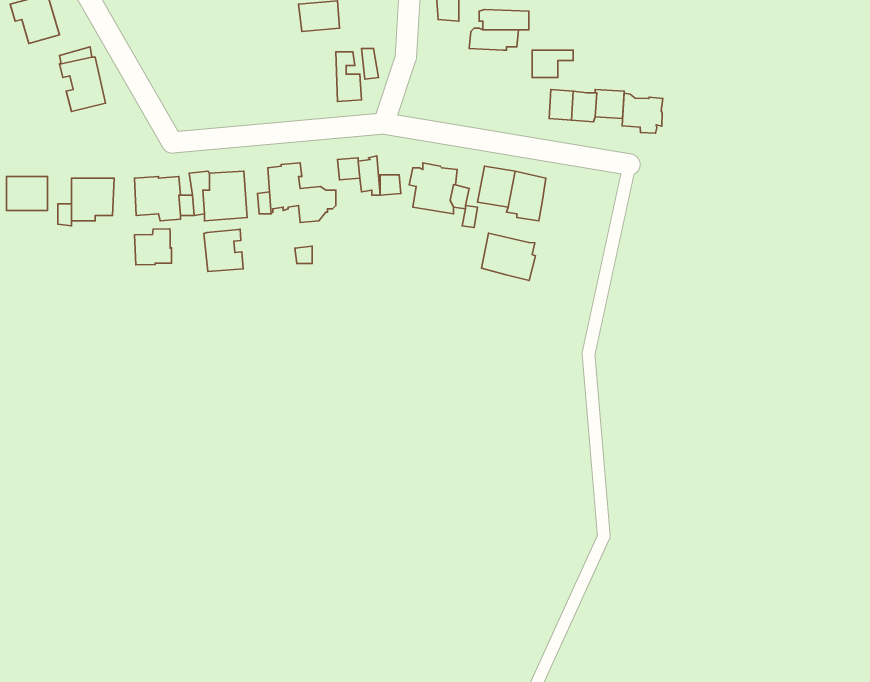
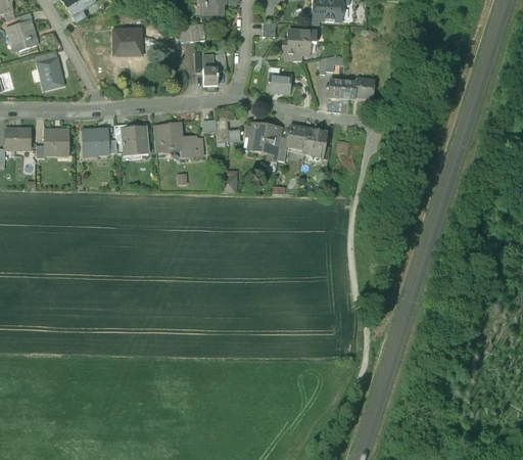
building: none -> [112,29,141,56]
building: none -> [268,73,291,92]
building: [622,93,663,133] -> none
building: [135,229,172,265] -> none
building: [204,229,243,271] -> none
building: [482,233,536,281] -> none

